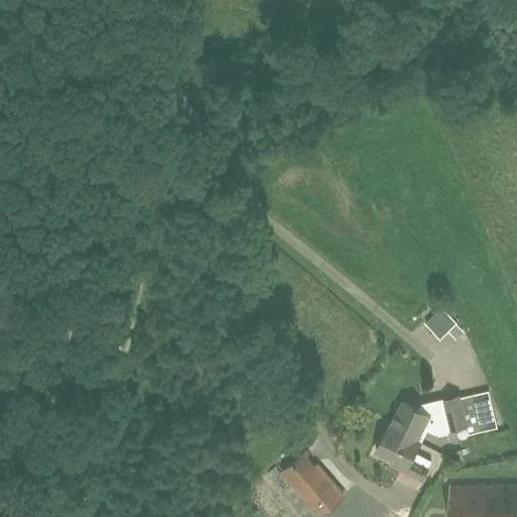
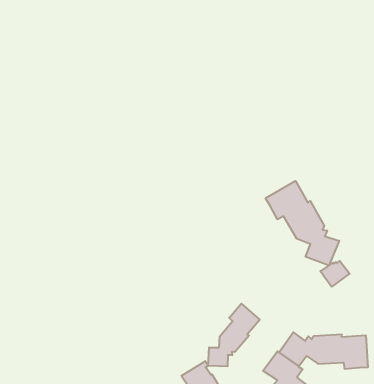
building: none -> [266,181,339,265]
building: none -> [208,304,260,366]

